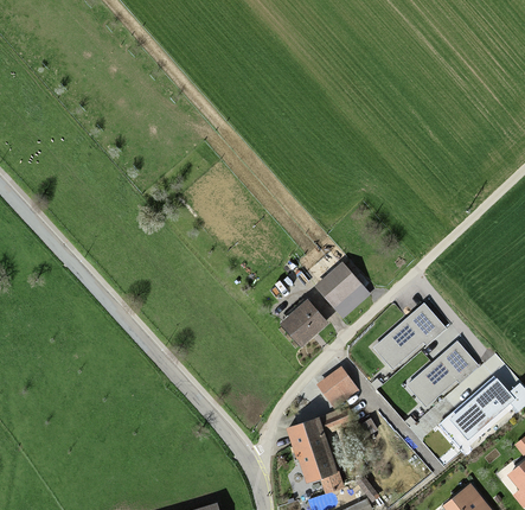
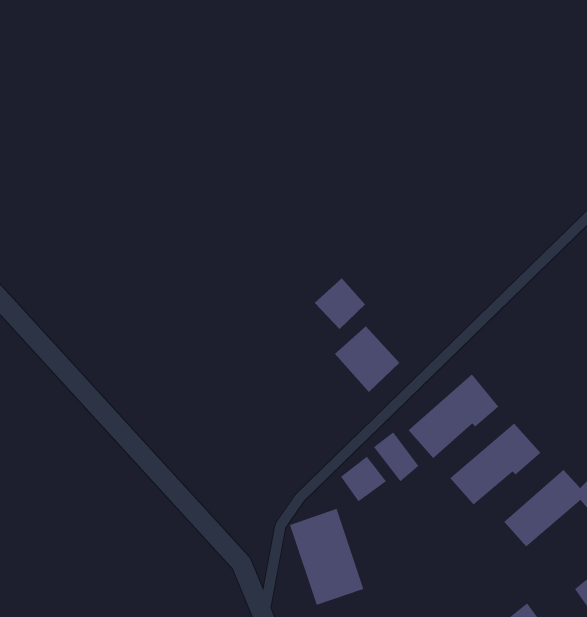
building: none -> [314,278,366,330]
building: [281,300,331,349] -> none
building: none -> [373,432,419,482]

